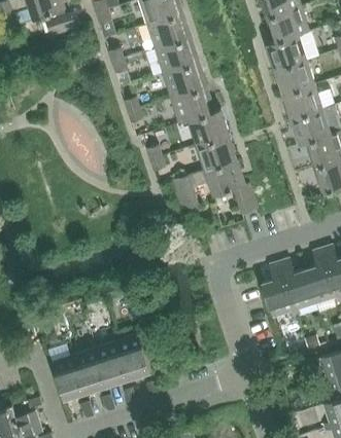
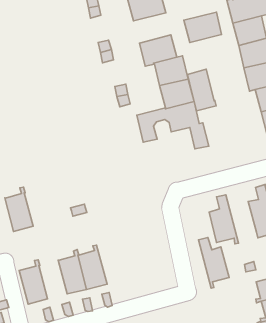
building: [163,62,206,98] -> [184,12,221,42]
building: none -> [188,69,216,111]
building: [279,259,316,316] -> [199,238,229,288]
building: [73,341,107,392] -> [5,187,33,231]

